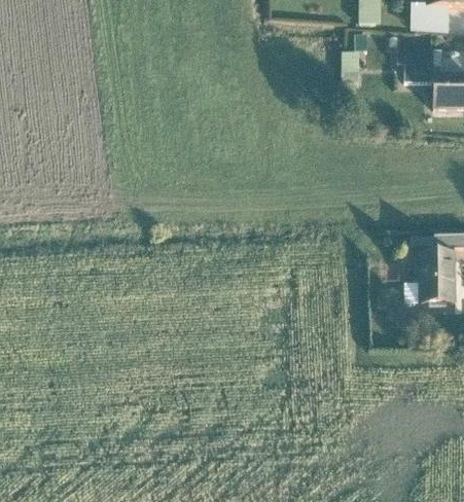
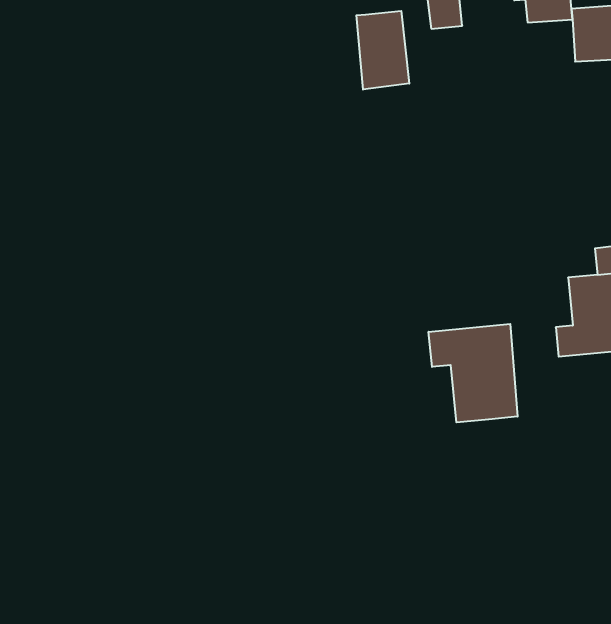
building: none -> [356,11,409,90]
building: none -> [429,324,518,422]

